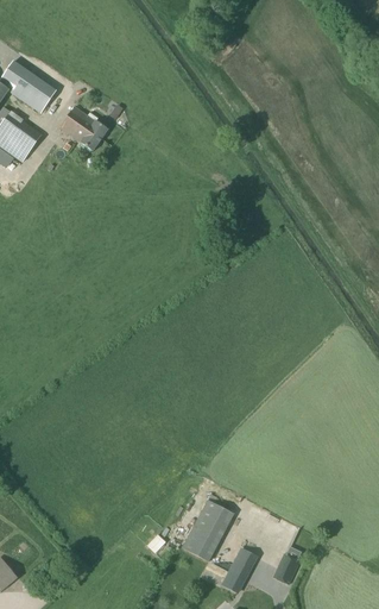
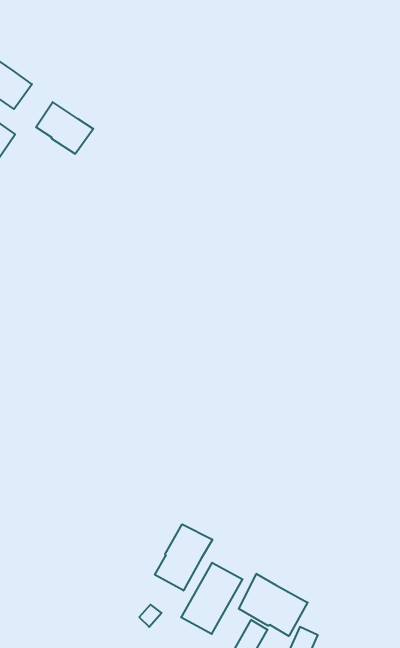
building: none -> [155,524,212,591]
building: none -> [239,574,308,636]

